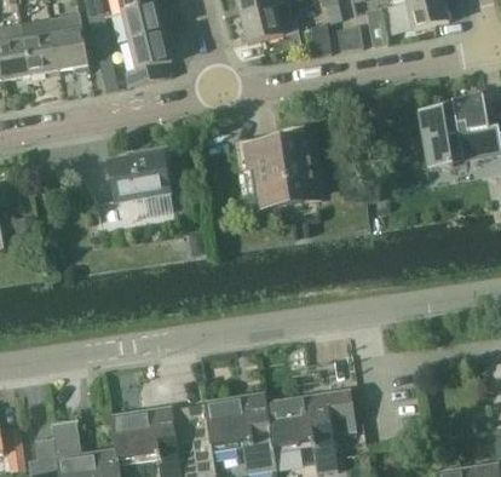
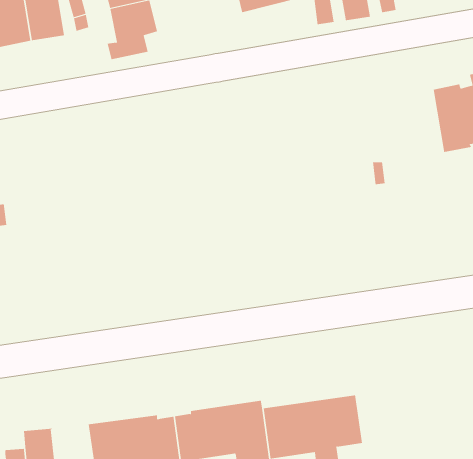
building: [236,137,317,205] -> none
building: [97,144,174,234] -> none

